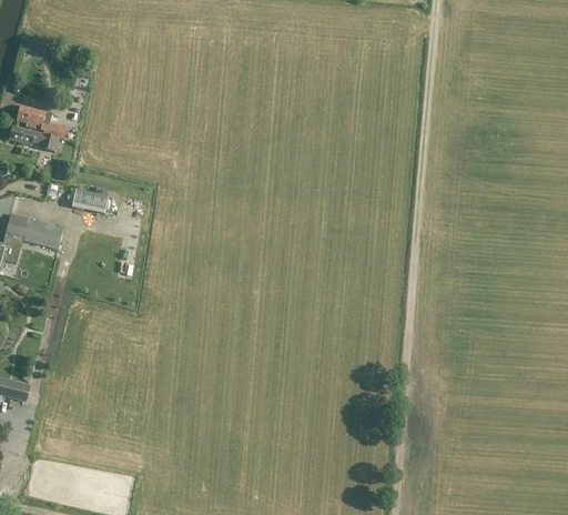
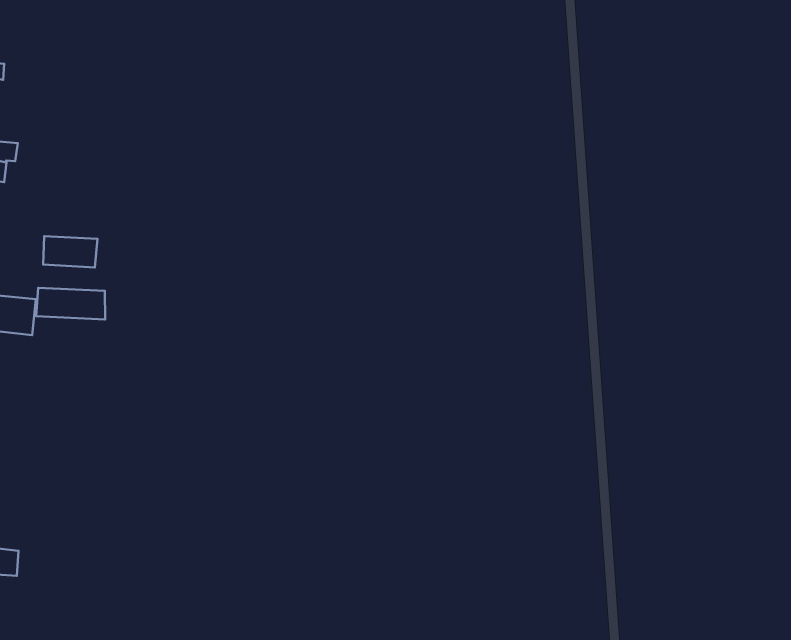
building: none -> [36,288,105,320]

